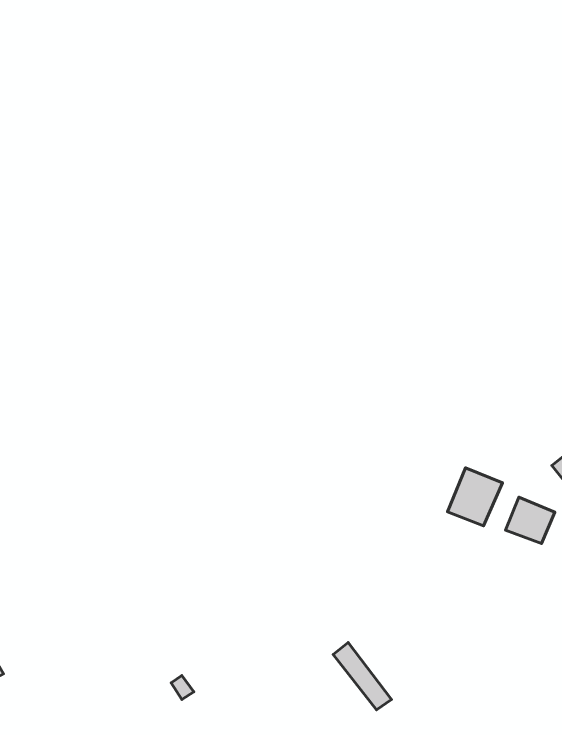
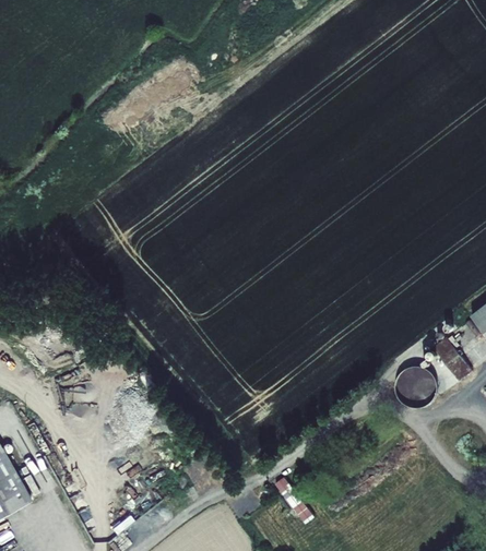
building: [448,468,502,526] -> none

